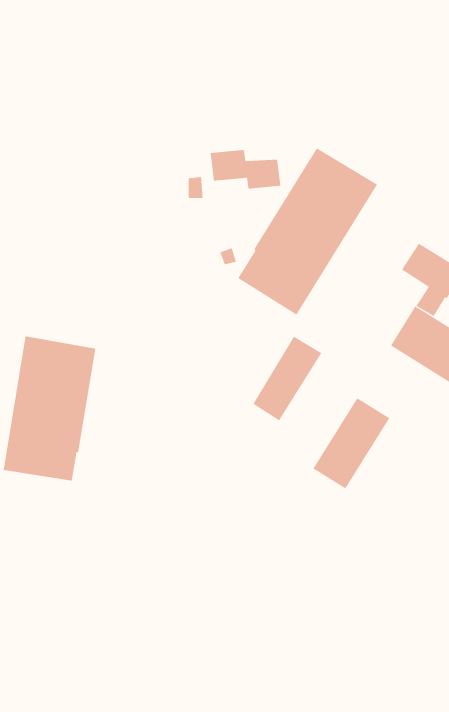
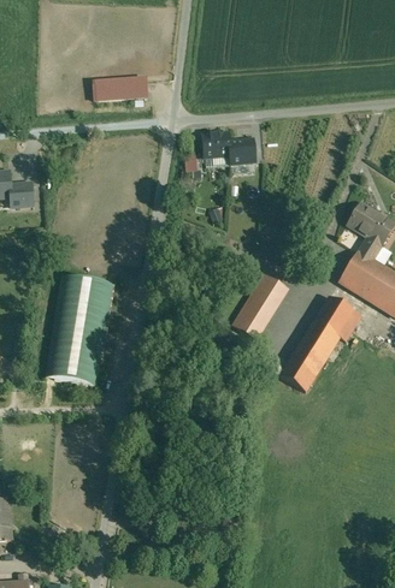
building: none -> [94,76,146,101]
building: [238,148,378,315] -> none
building: none -> [313,296,360,340]

